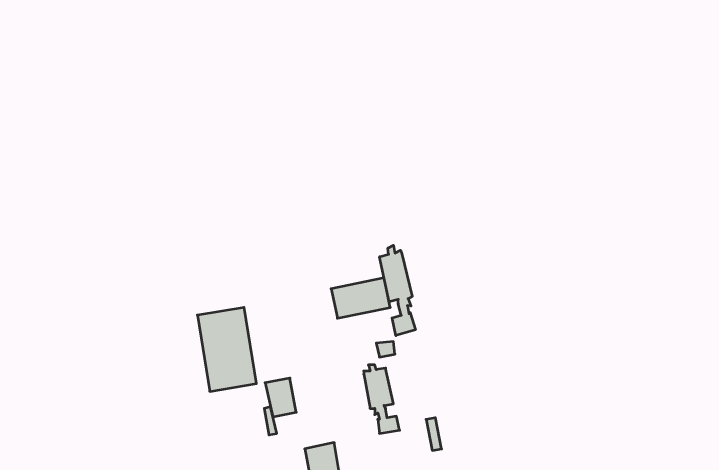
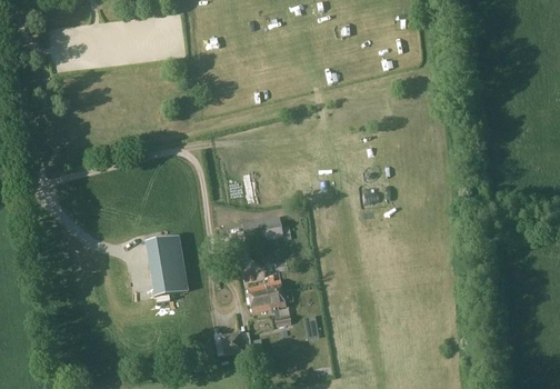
building: [380,245,415,336] -> none
building: [265,378,296,417] -> [246,283,268,311]

